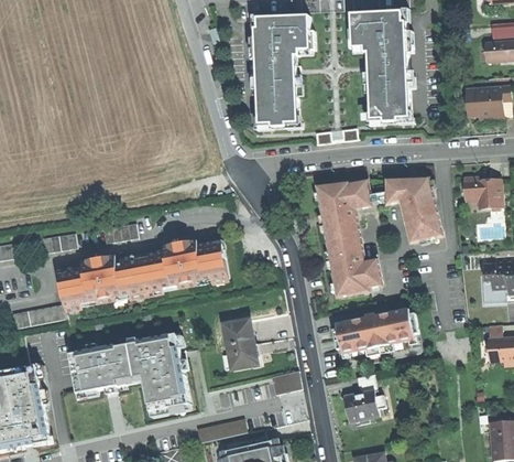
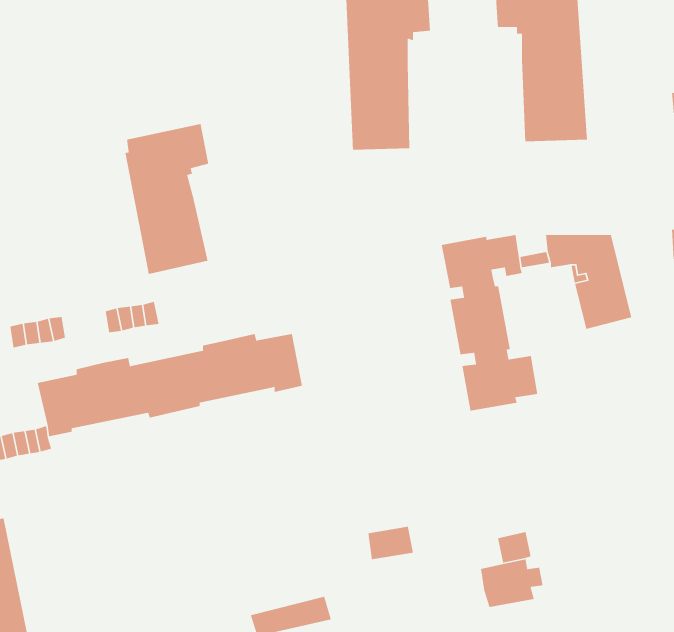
building: none -> [125,123,209,275]
building: [327,308,415,351] -> none
building: [222,320,256,369] -> none
building: [68,333,187,410] -> none

